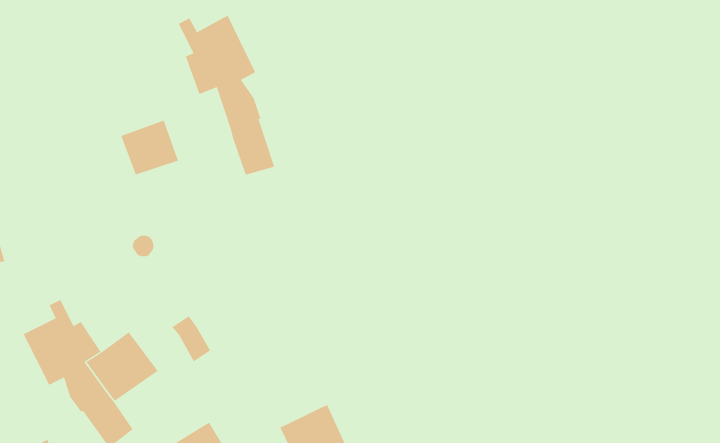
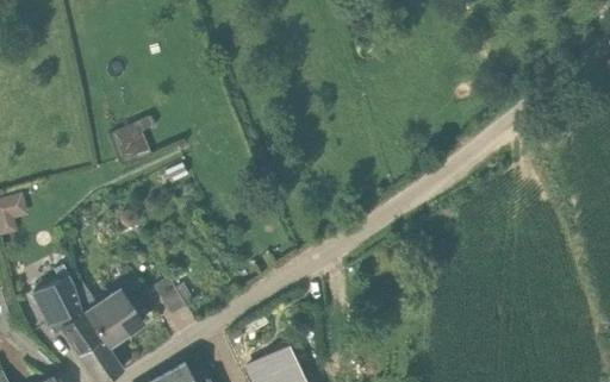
building: [178,15,275,175] -> none

